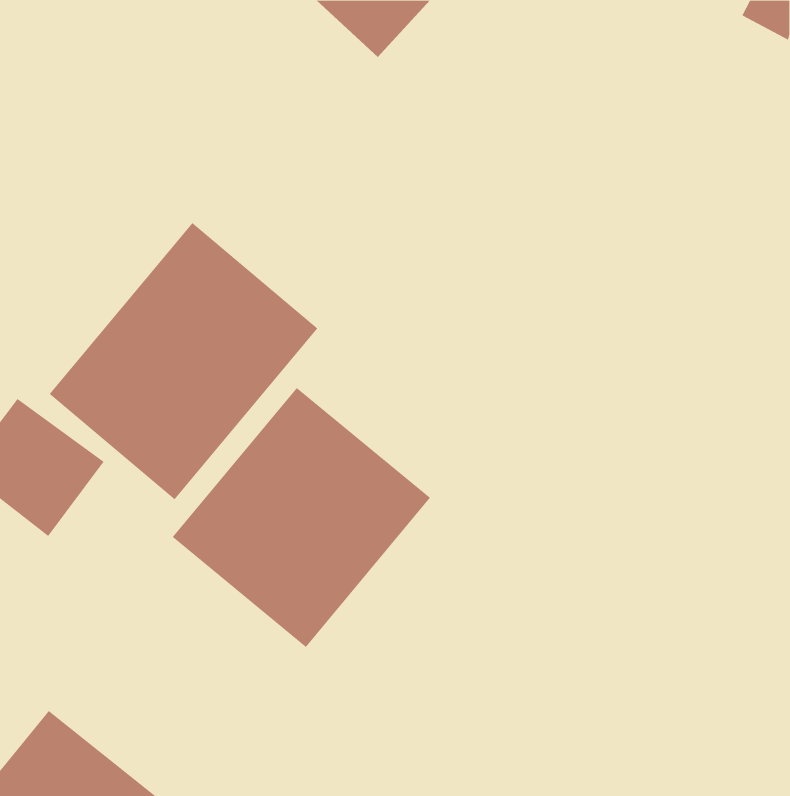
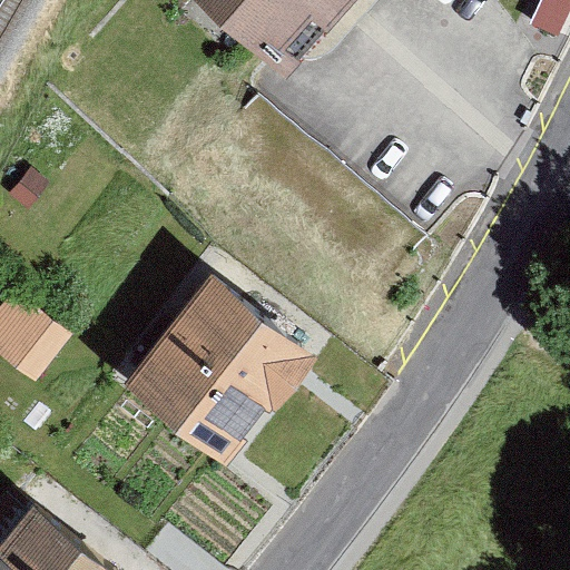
building: [49,222,318,500] -> none

